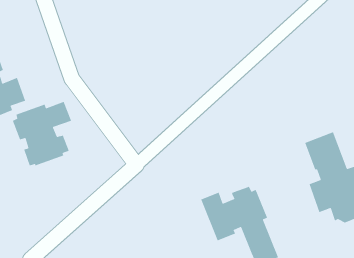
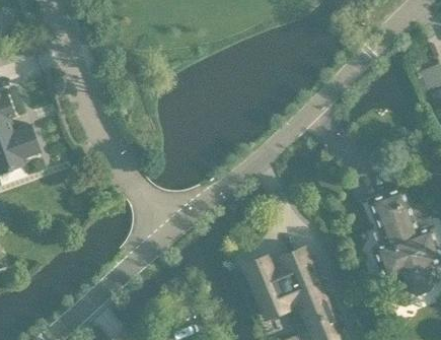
building: [12,101,72,167] -> none

